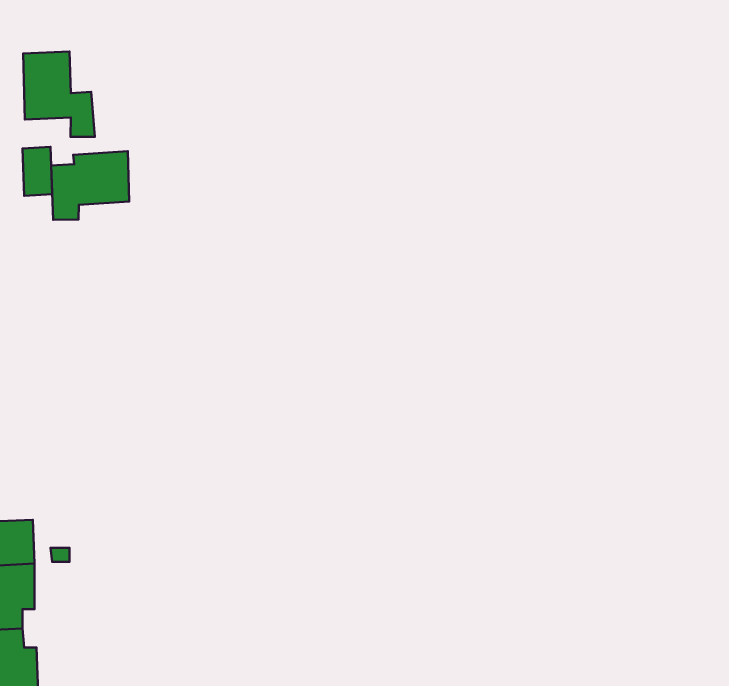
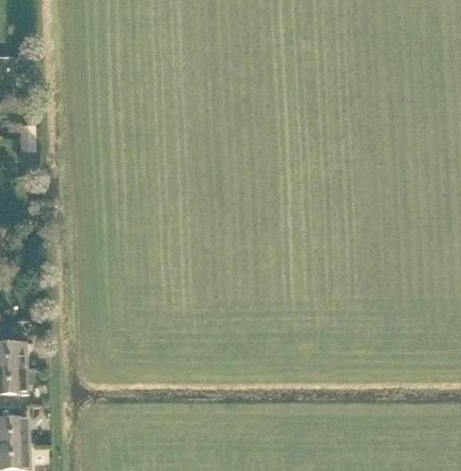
building: [23,52,95,137] -> none
building: [51,151,129,220] -> none

